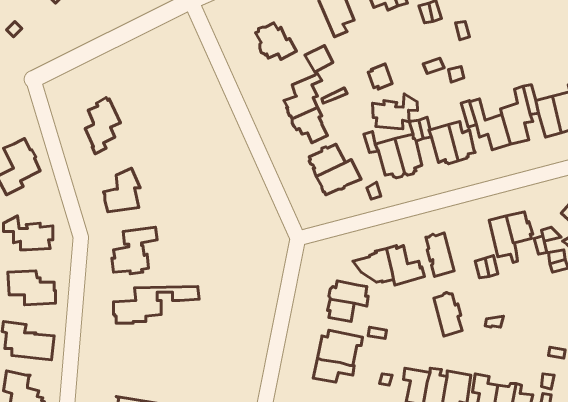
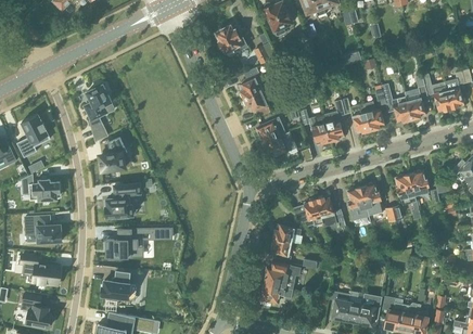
building: [372,94,418,129] -> none
building: [434,293,462,336] -> [361,182,383,216]
building: none -> [101,270,130,299]

